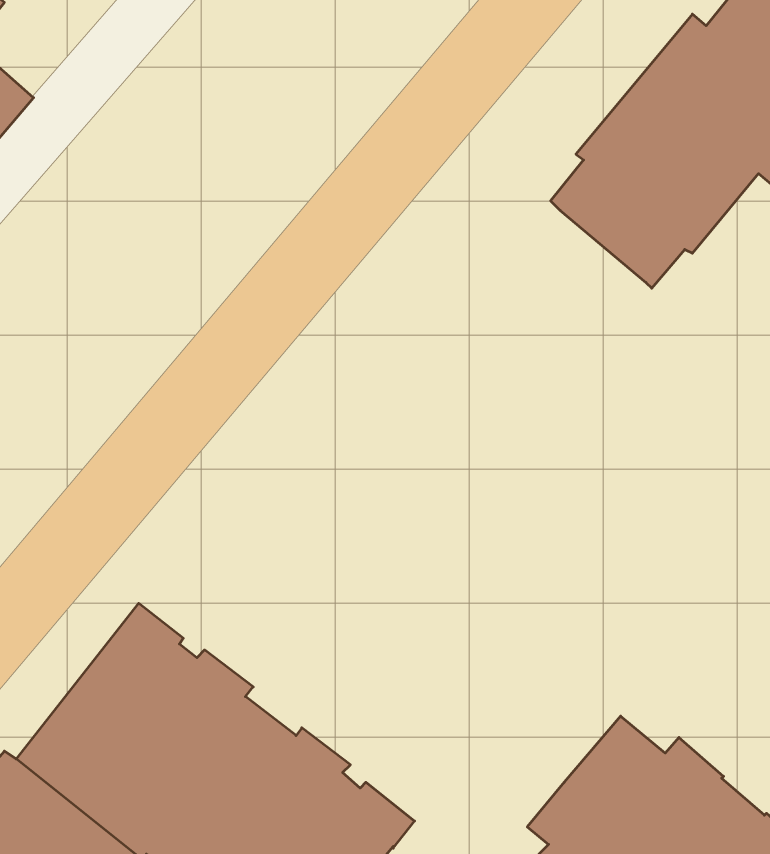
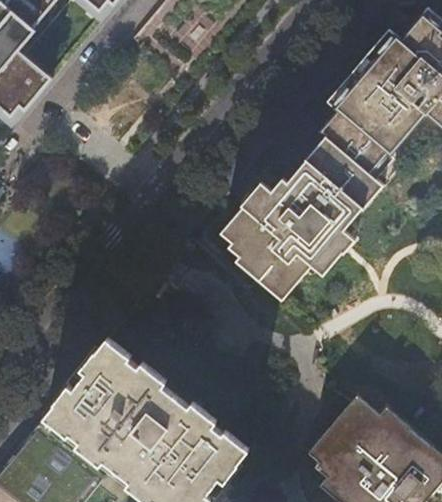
building: none -> [220,136,383,300]

